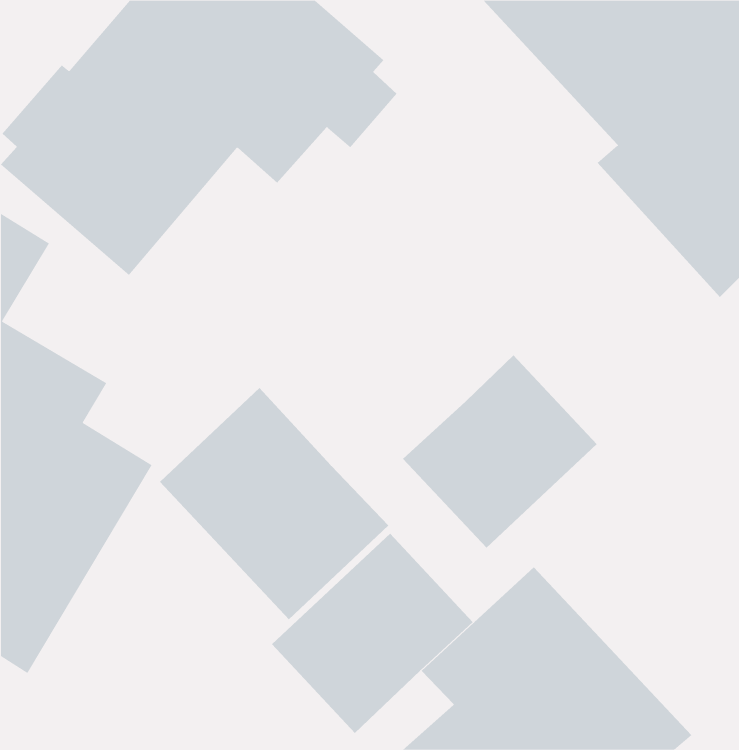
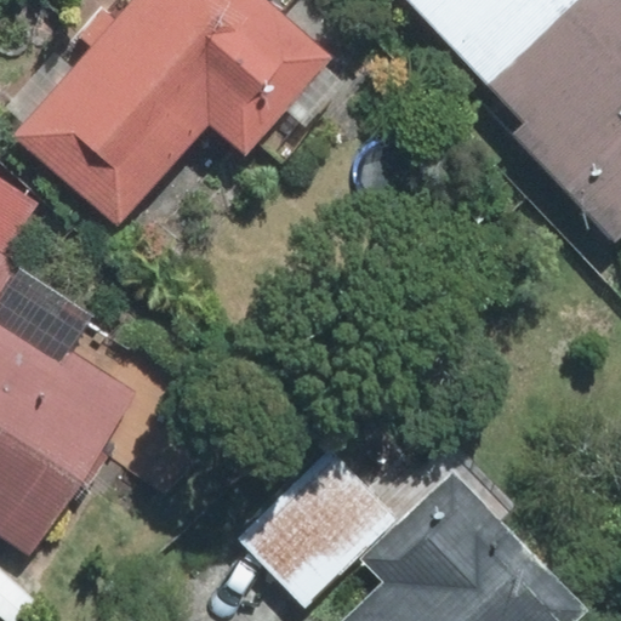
building: [402,355,598,548] -> none
building: [159,387,389,620] -> none

